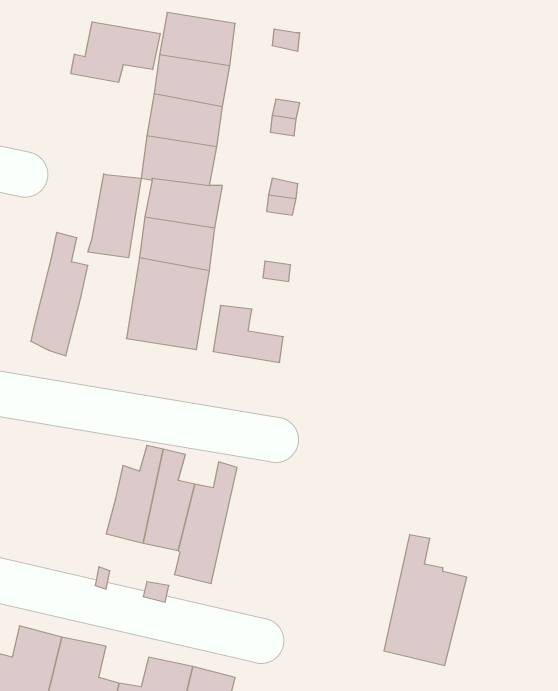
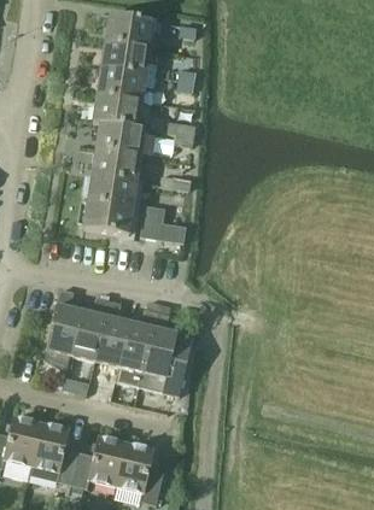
building: [71,22,160,82] -> none
building: [88,174,141,258] -> none
building: [31,232,88,356] -> [43,288,81,369]
building: [384,535,467,666] -> [139,311,193,397]

